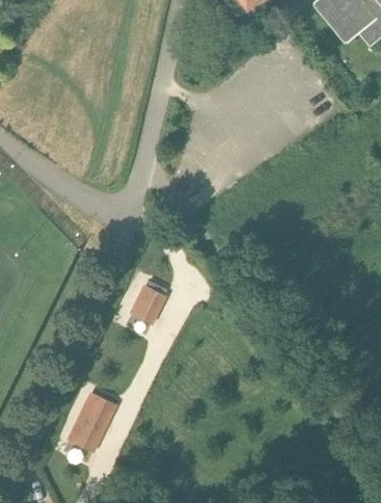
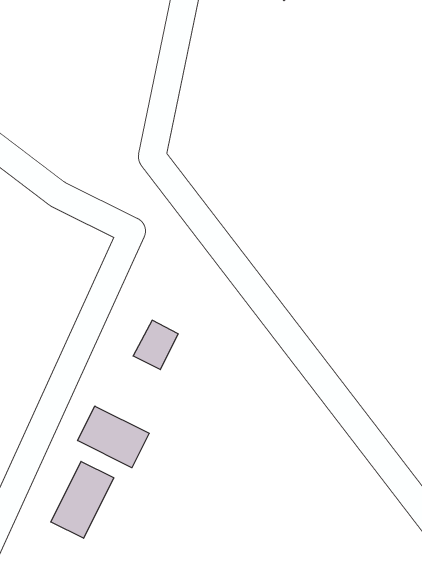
building: none -> [78,406,149,468]

